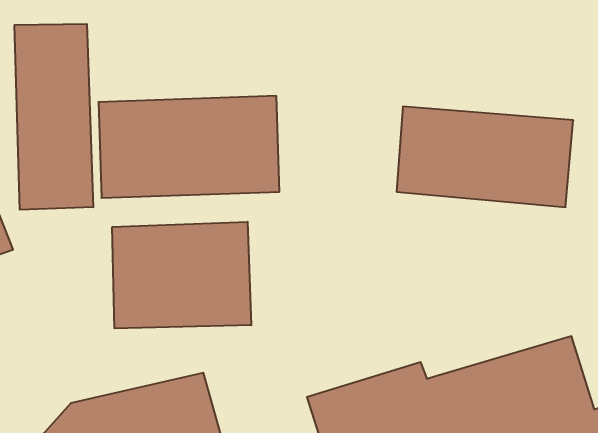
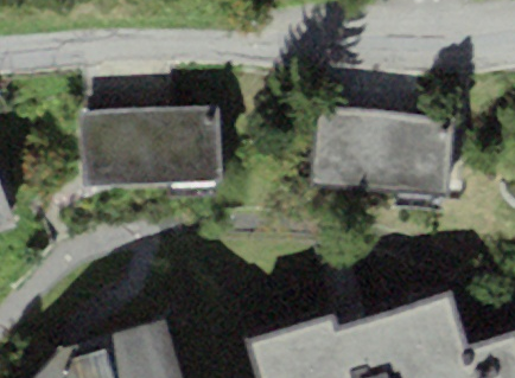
building: [15,24,93,210] -> none
building: [112,222,251,328] -> none

